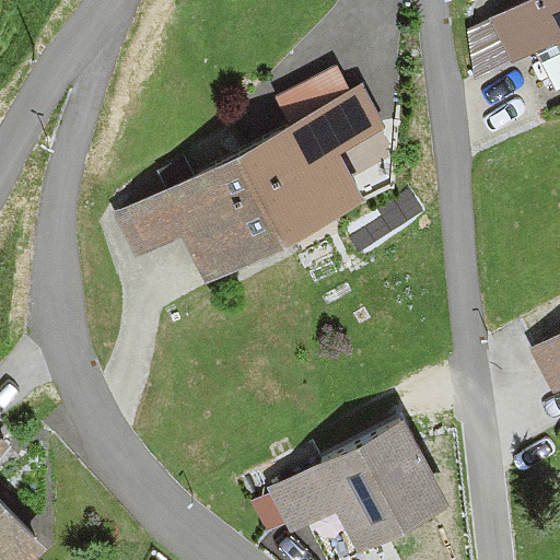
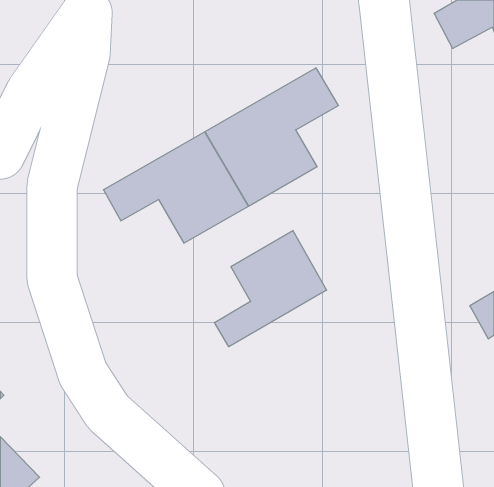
building: none -> [215,230,327,347]
building: [268,421,445,545] -> none

